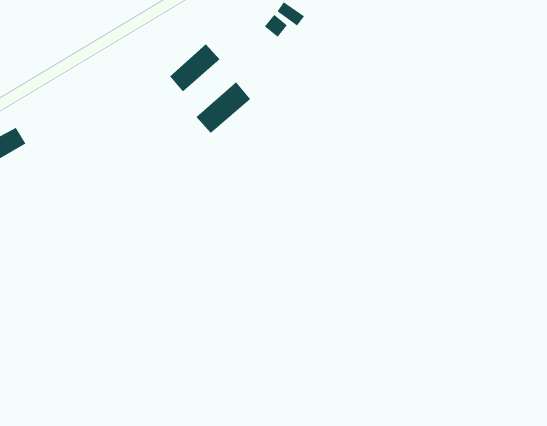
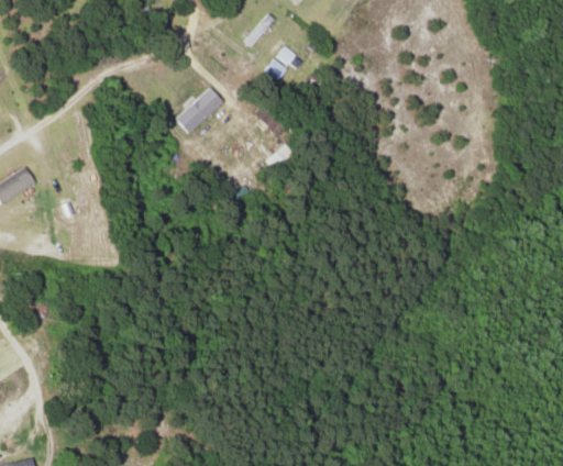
building: [196,81,251,134] -> none

